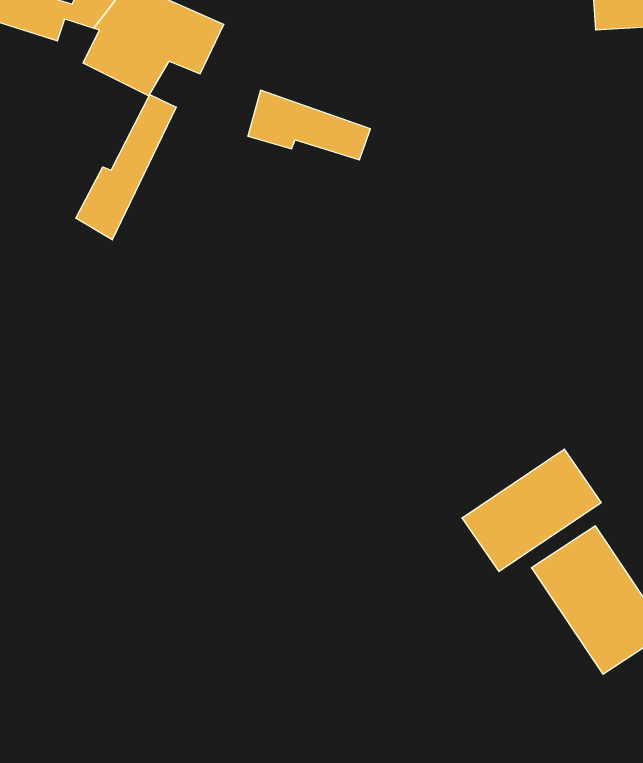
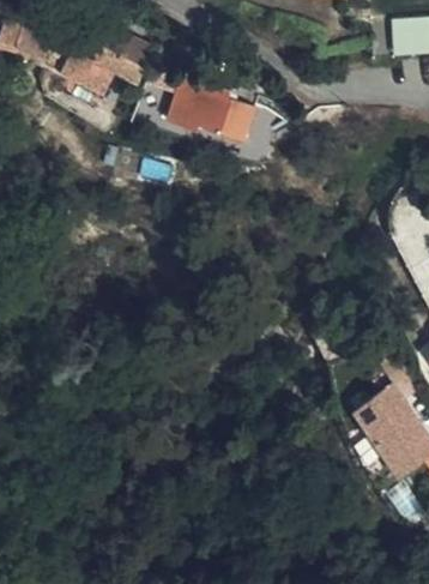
building: [76,94,176,240] -> none
building: [462,449,601,572] -> none

